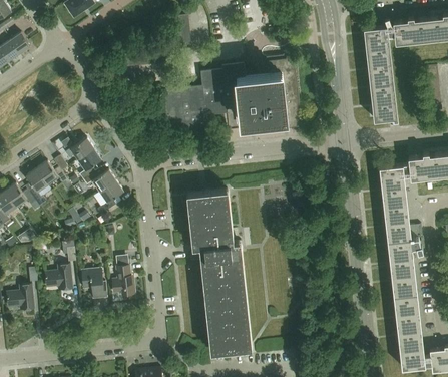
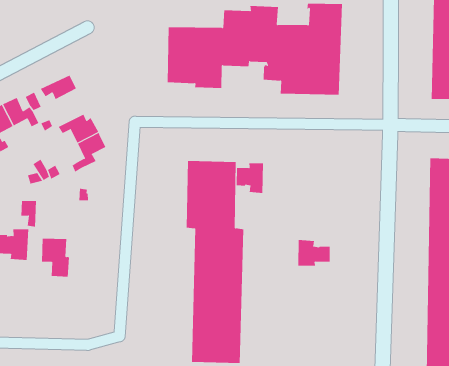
building: [77,148,100,180] -> none
building: none -> [236,163,264,194]
building: none -> [298,239,330,267]
building: [111,266,134,295] -> none

